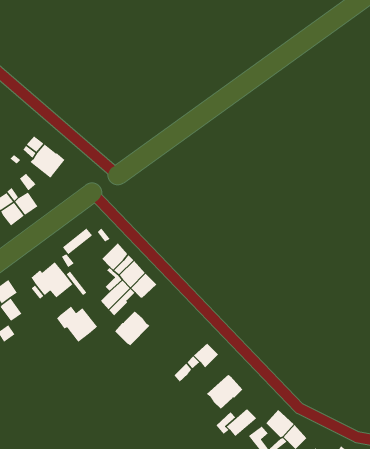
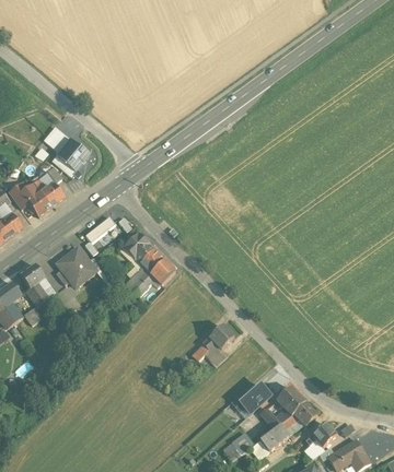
building: [56,305,98,343] -> none
building: [114,310,151,346] -> none
building: [206,374,243,410] -> none

